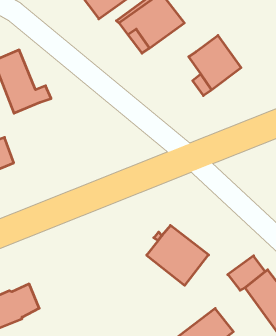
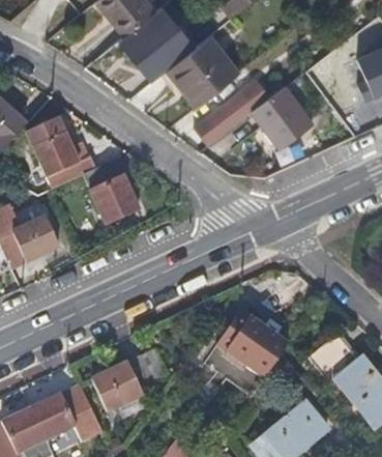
building: none -> [196,77,272,145]
building: none -> [82,159,139,224]
building: none -> [93,356,157,412]

